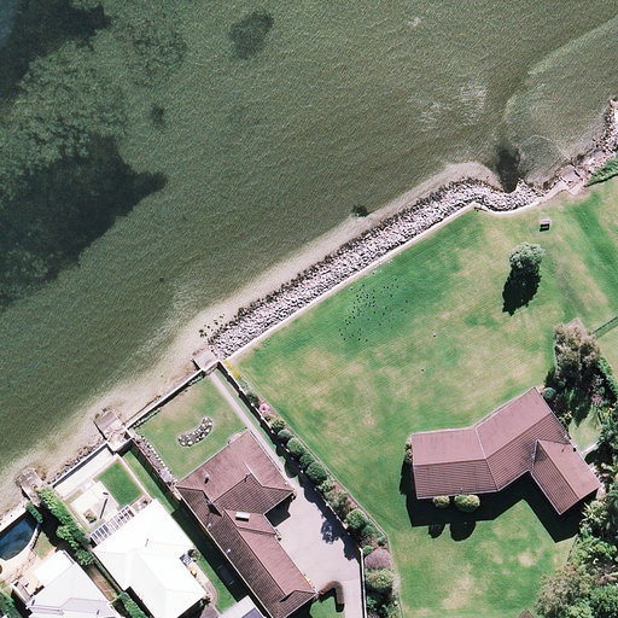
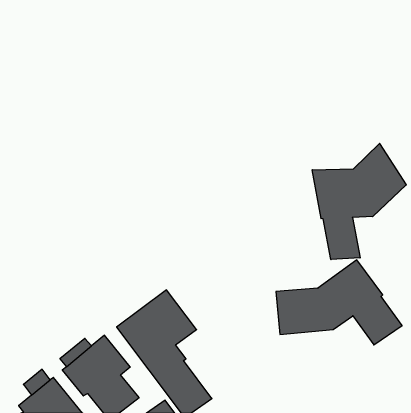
building: none -> [312,143,406,260]

